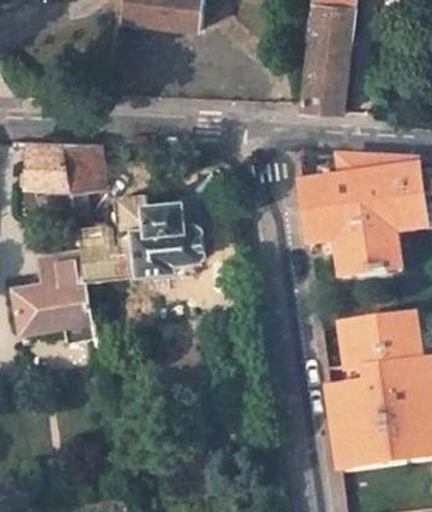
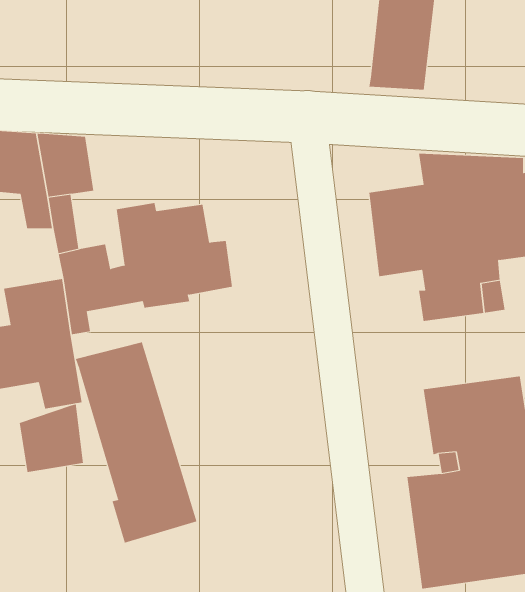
building: none -> [75,342,197,543]
building: none -> [19,404,83,473]

